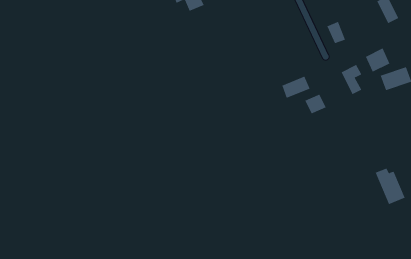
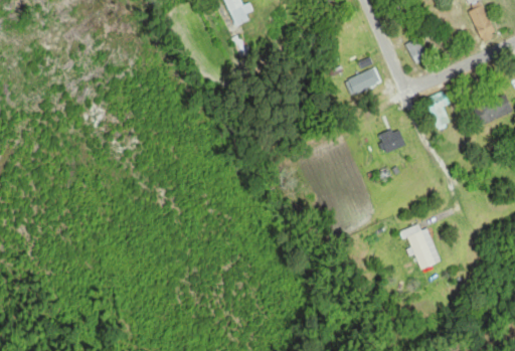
building: [365,48,390,73] -> none
building: [281,76,310,99] -> [346,67,382,96]
building: [375,168,405,205] -> [403,224,442,271]

